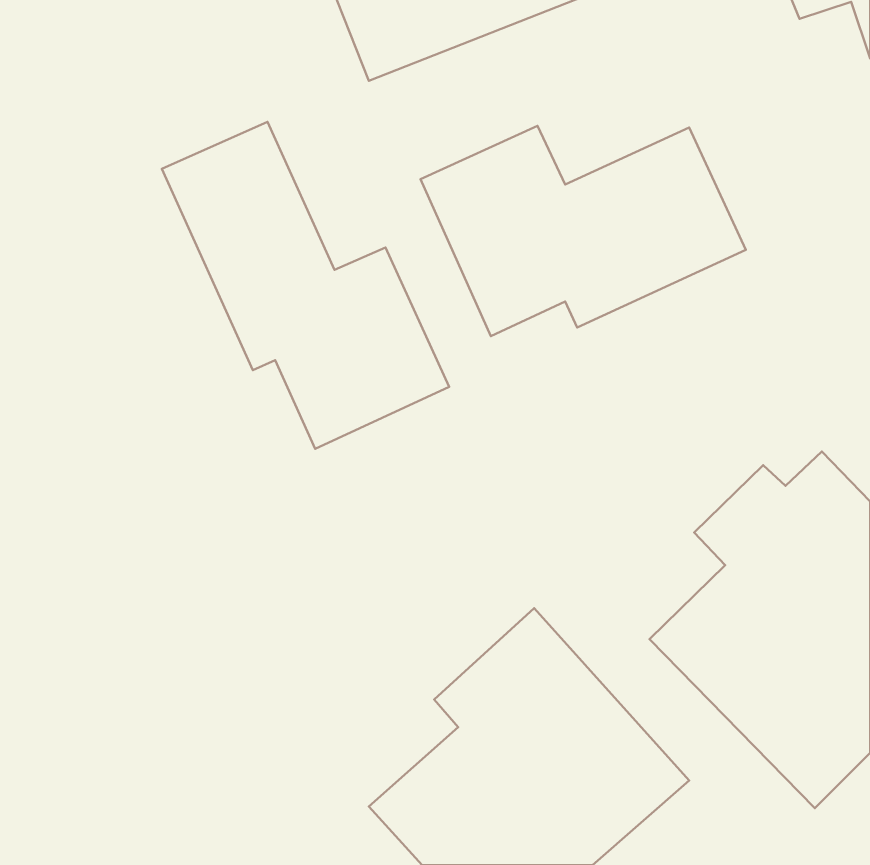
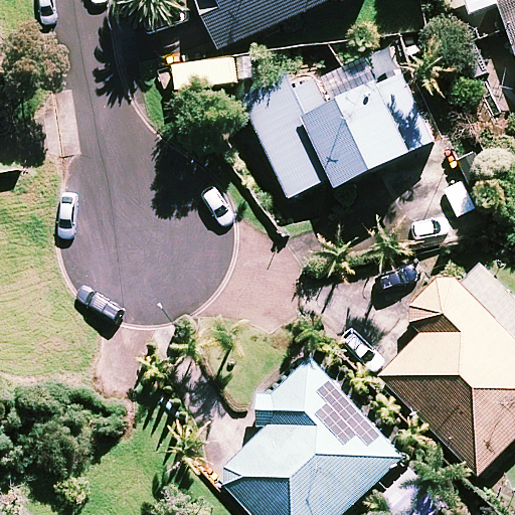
building: [162,122,449,449] -> none

